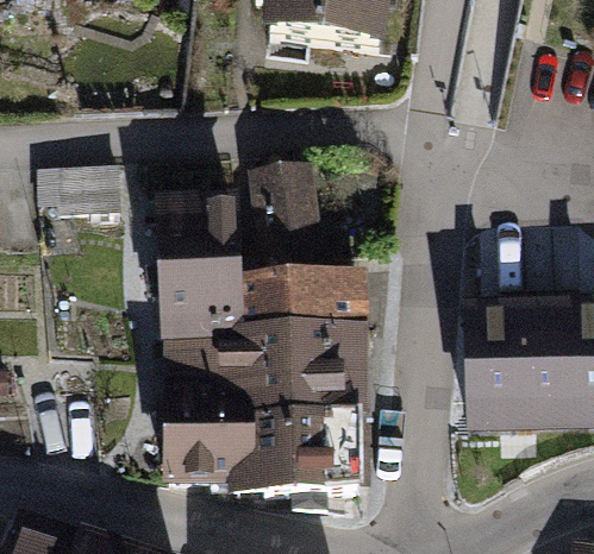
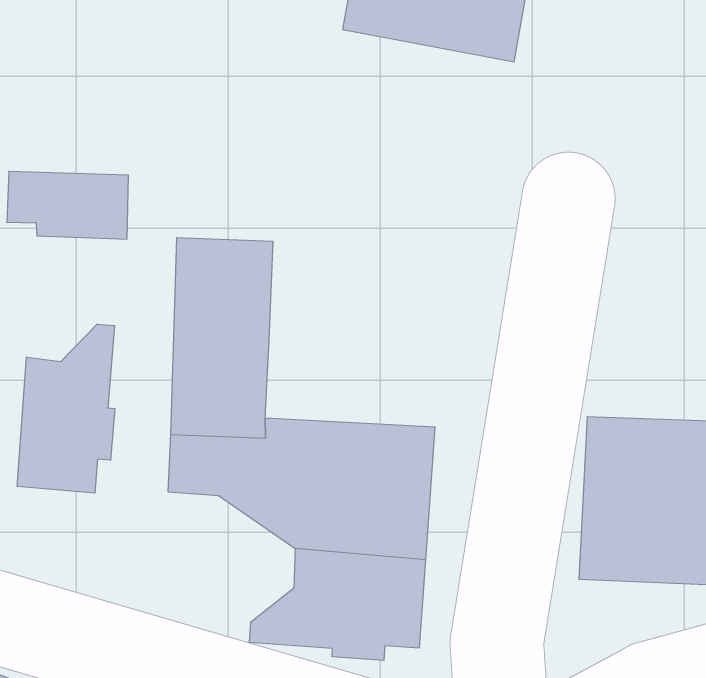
building: [233,163,359,332] -> none
building: none -> [17,324,115,493]
building: [168,390,264,481] -> none

